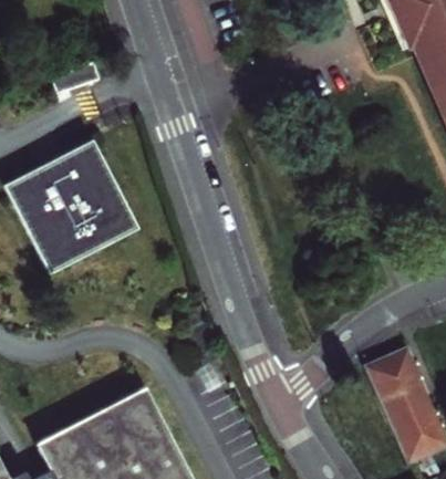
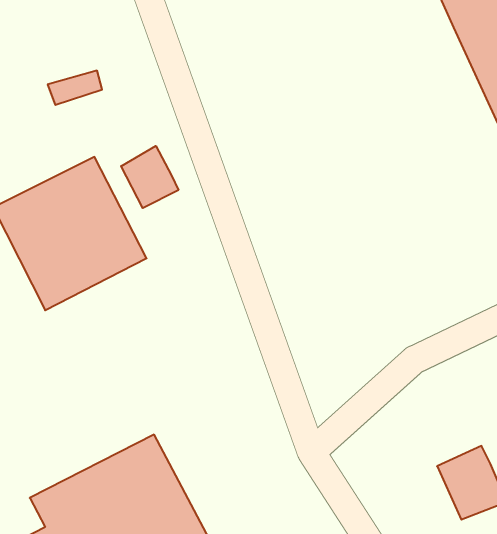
building: none -> [121,146,178,208]
building: [369,351,428,415] -> none

